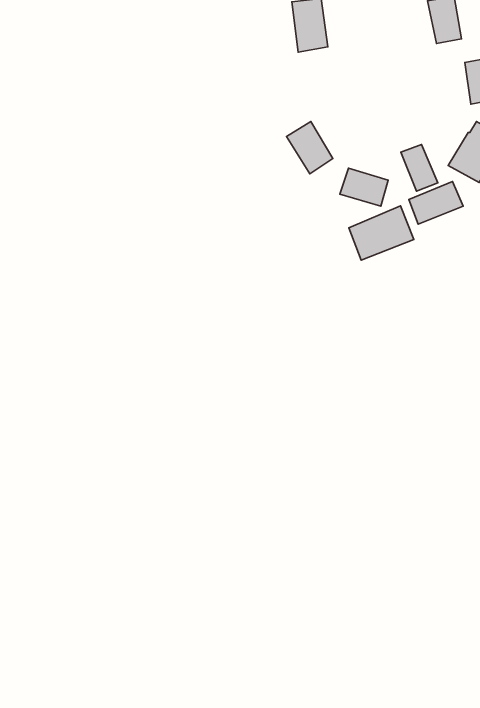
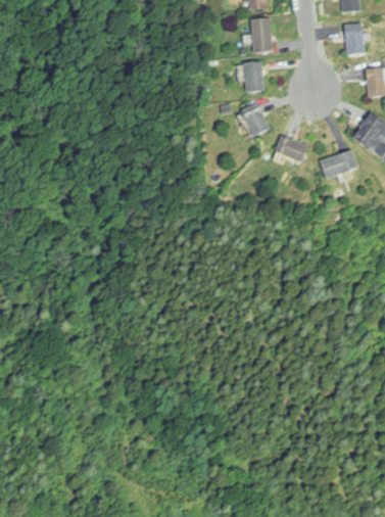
building: none -> [243,60,264,92]
building: [401,144,438,191] -> none
building: [349,206,414,260] -> none

